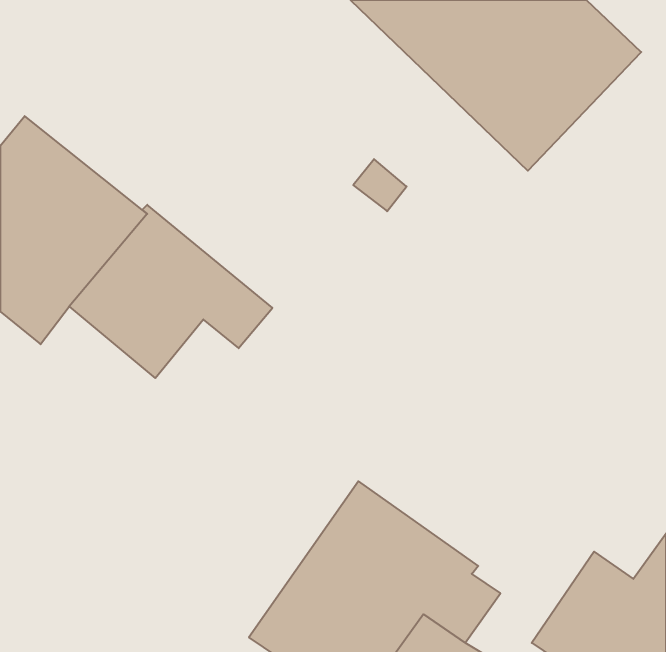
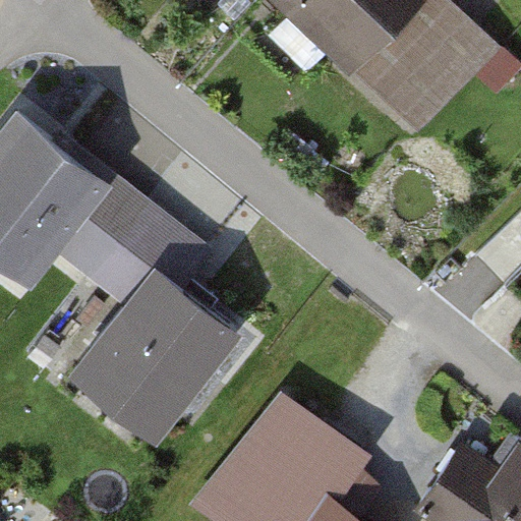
building: none -> [72,260,244,436]

